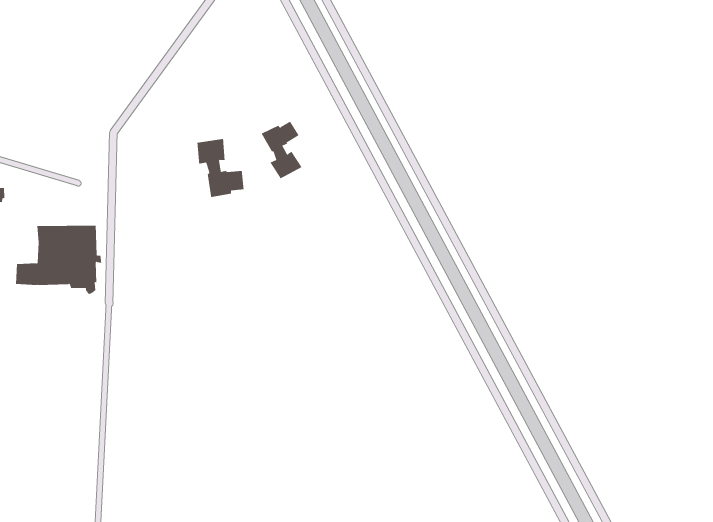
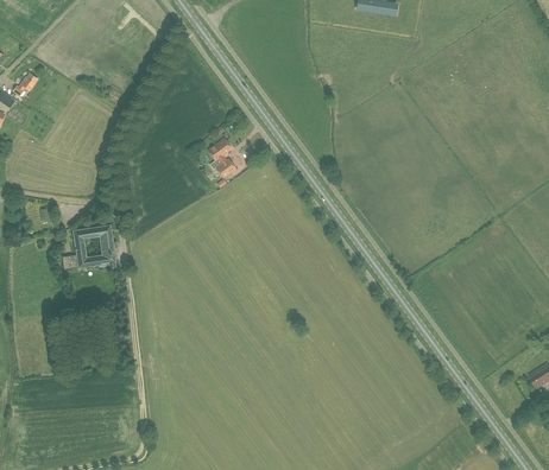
building: [197,138,244,198] -> none

